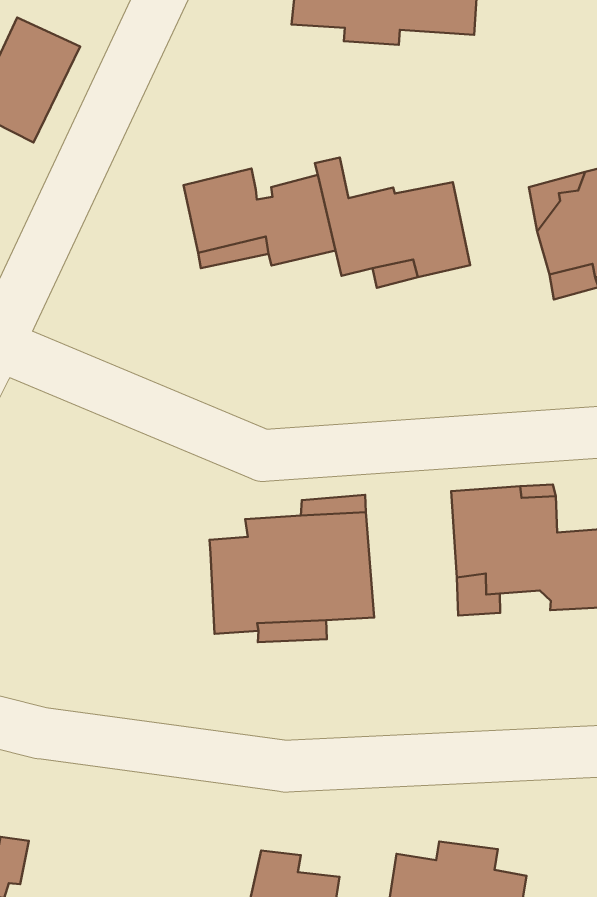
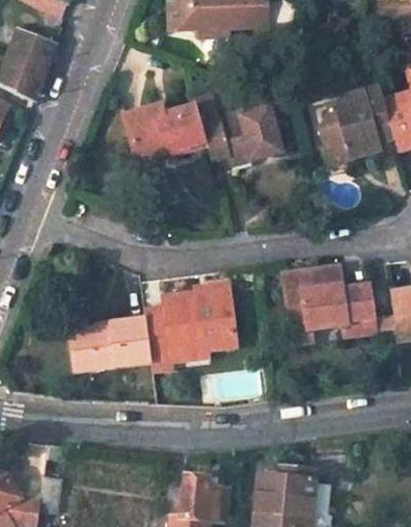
building: none -> [70,317,154,372]

